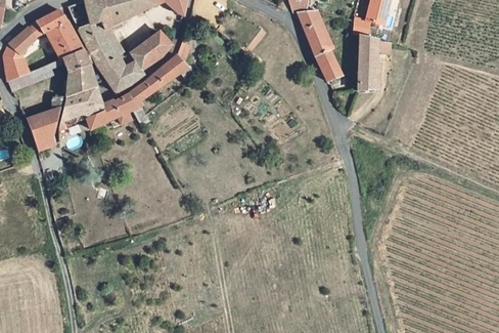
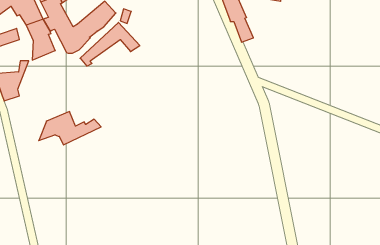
building: [354,35,375,91] -> none
building: [64,89,139,129] -> [39,112,101,145]

